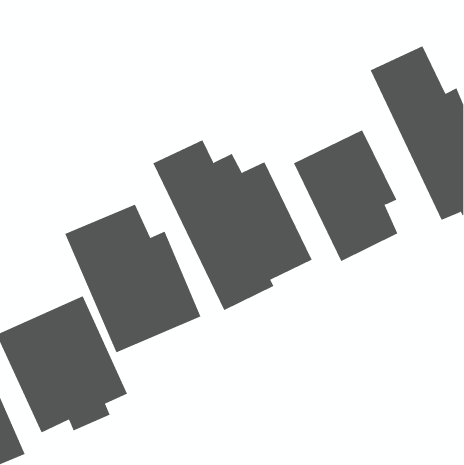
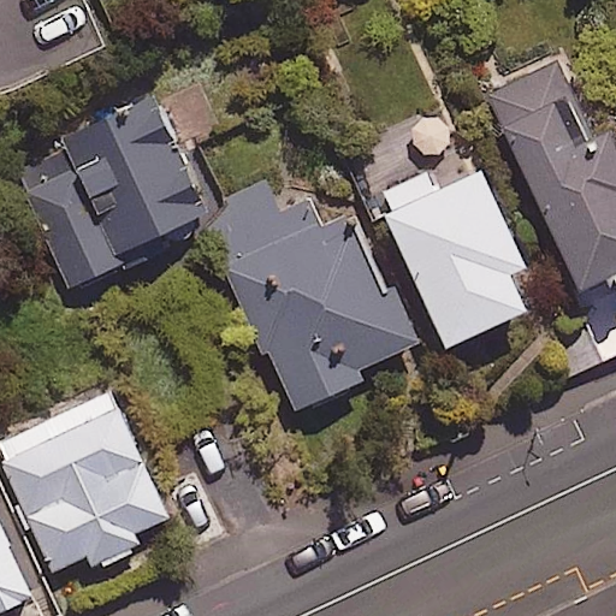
building: none -> [25,96,201,289]
building: [64,204,201,353] -> none

